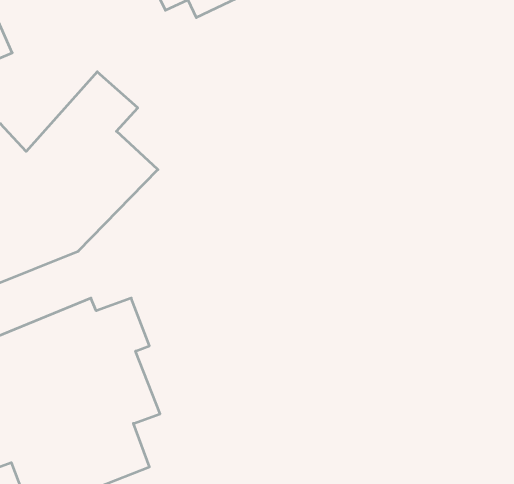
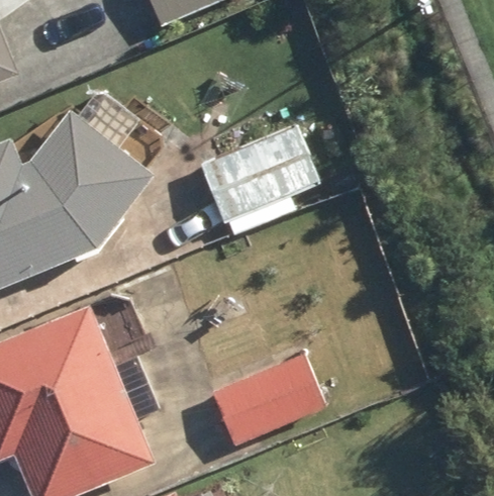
building: none -> [197,124,320,241]
building: none -> [208,354,321,448]

